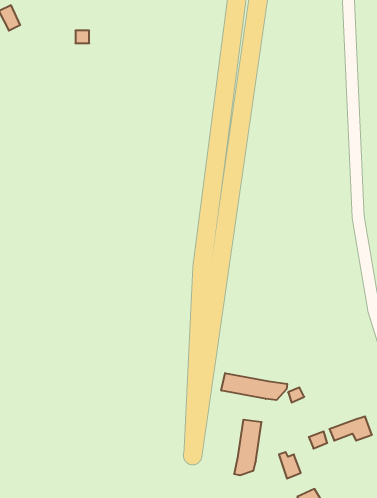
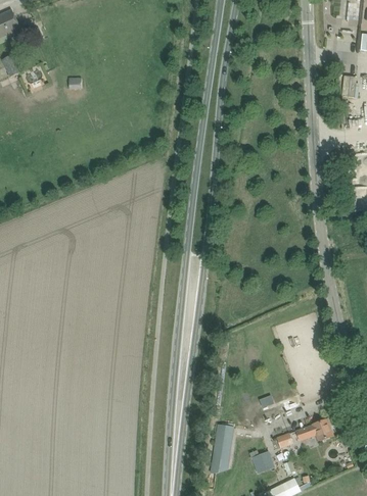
building: [221,373,287,400] -> none

